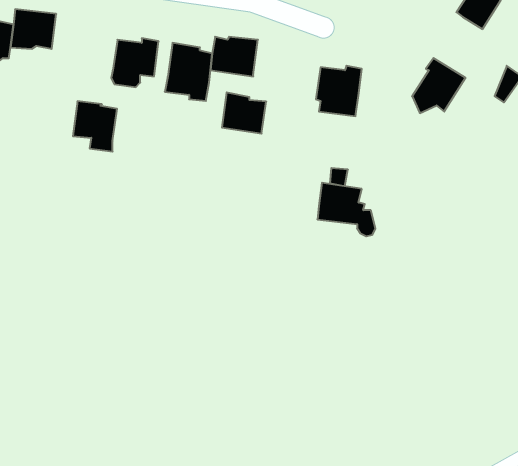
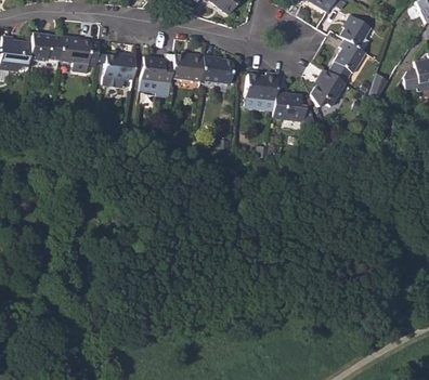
building: none -> [332,39,369,83]
building: [222,92,266,134] -> [198,55,230,84]
building: [73,101,117,152] -> [55,37,87,73]
building: [317,183,375,236] -> [270,93,311,131]

